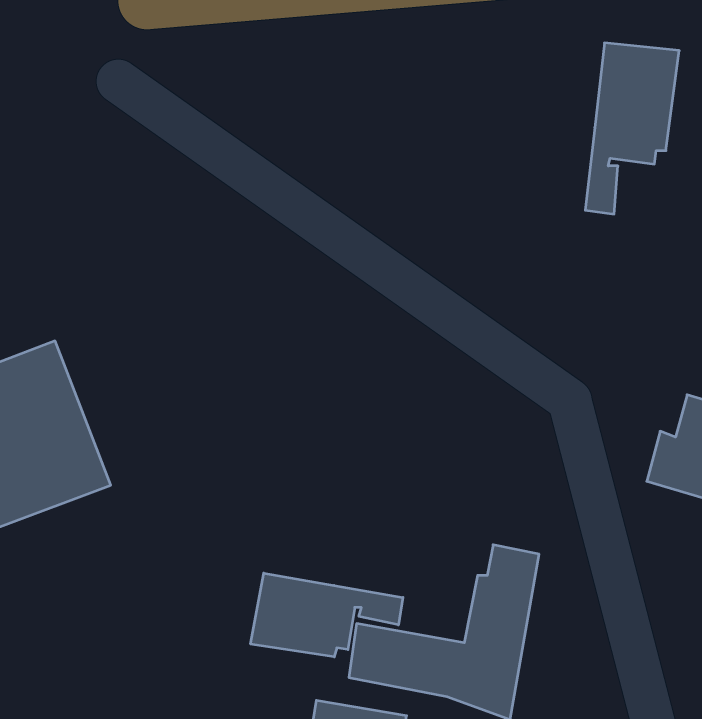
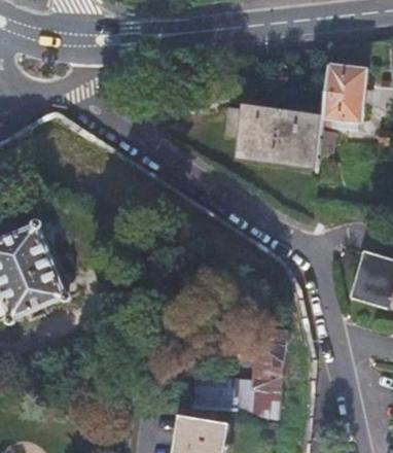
building: none -> [227,97,325,163]
building: [251,573,403,657] -> none

